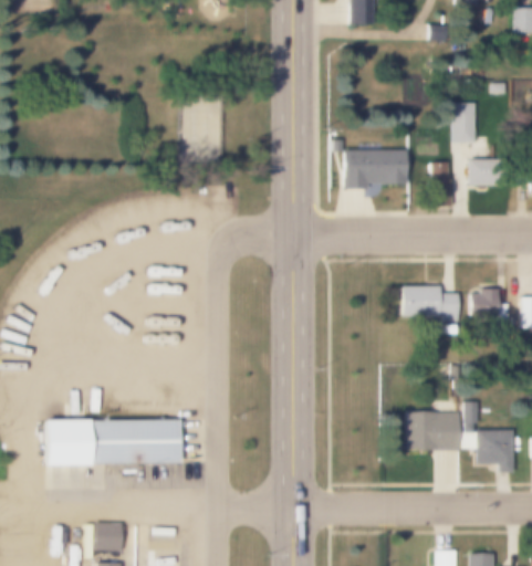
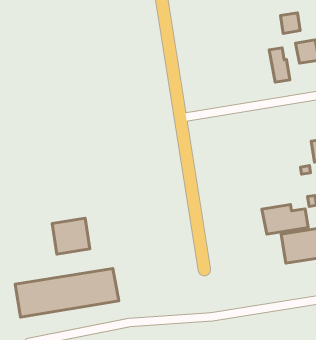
building: [344,149,408,189] -> none
building: [401,285,459,319] -> [262,204,308,234]
building: none -> [52,218,90,254]

